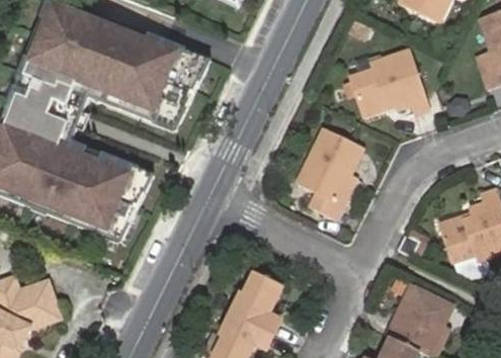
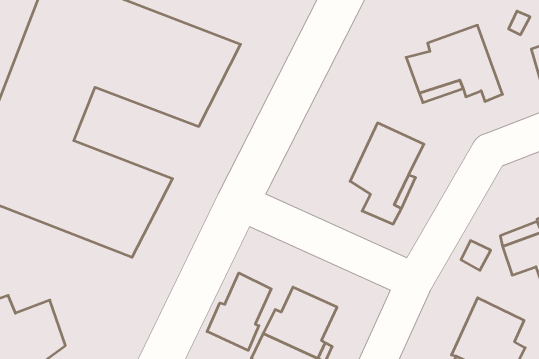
building: none -> [207,273,271,350]

